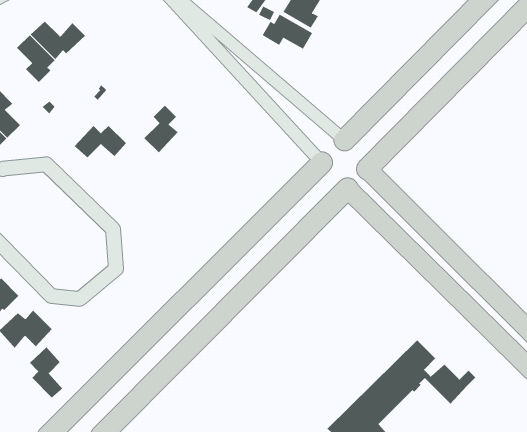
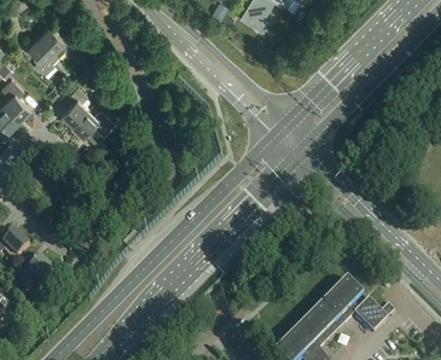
building: [262,14,313,50] -> none
building: [144,105,178,153] -> [60,88,88,127]
building: [29,347,63,399] -> none

